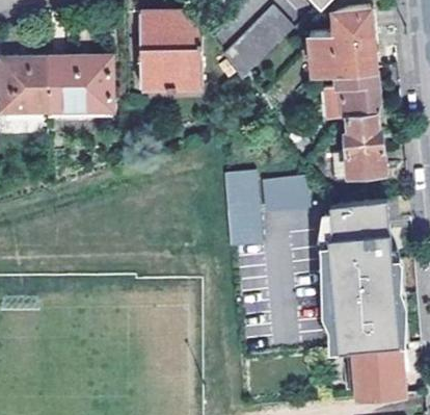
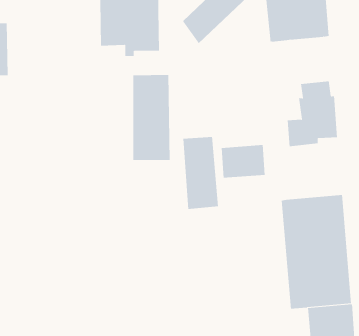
building: [46,56,111,111] -> none
building: [324,72,378,121] -> none
building: none -> [133,74,170,161]
building: [327,202,388,238] -> none

